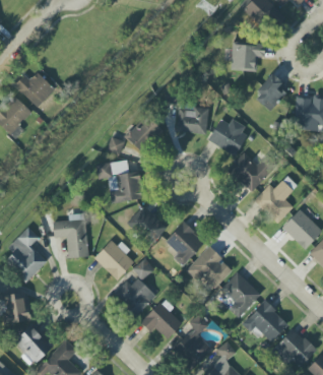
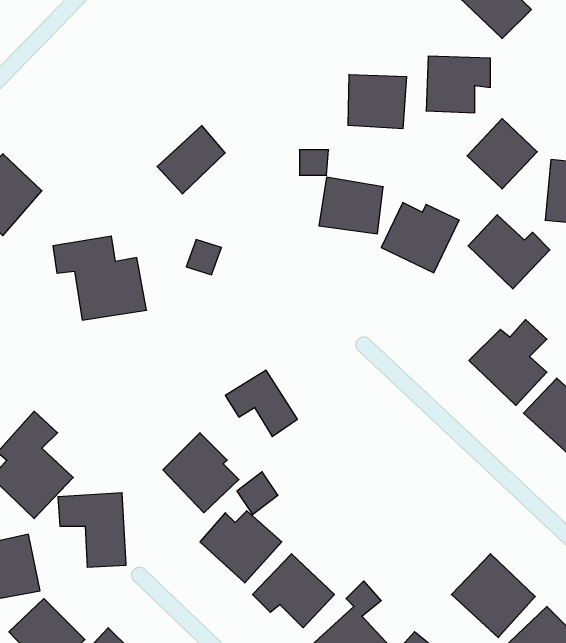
building: none -> [348,74,407,129]
building: [14,72,56,108] -> none
building: [124,114,159,149] -> [157,126,225,194]
building: [229,152,271,191] -> [468,215,550,289]
building: [96,160,145,203] -> [53,236,147,320]
building: [53,220,88,258] -> [58,493,126,567]
building: [167,222,206,266] -> none
building: [187,246,234,289] -> none
building: [221,271,262,318] -> none

